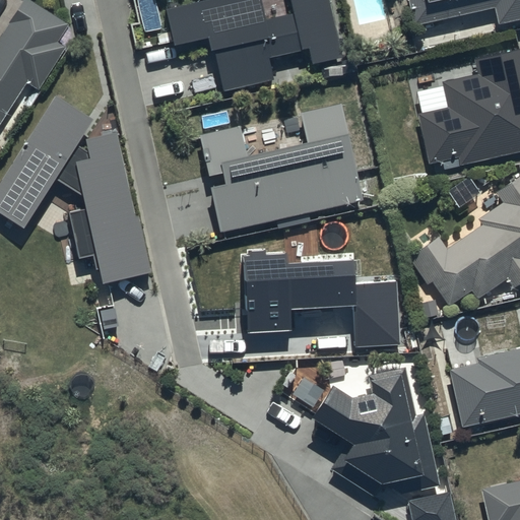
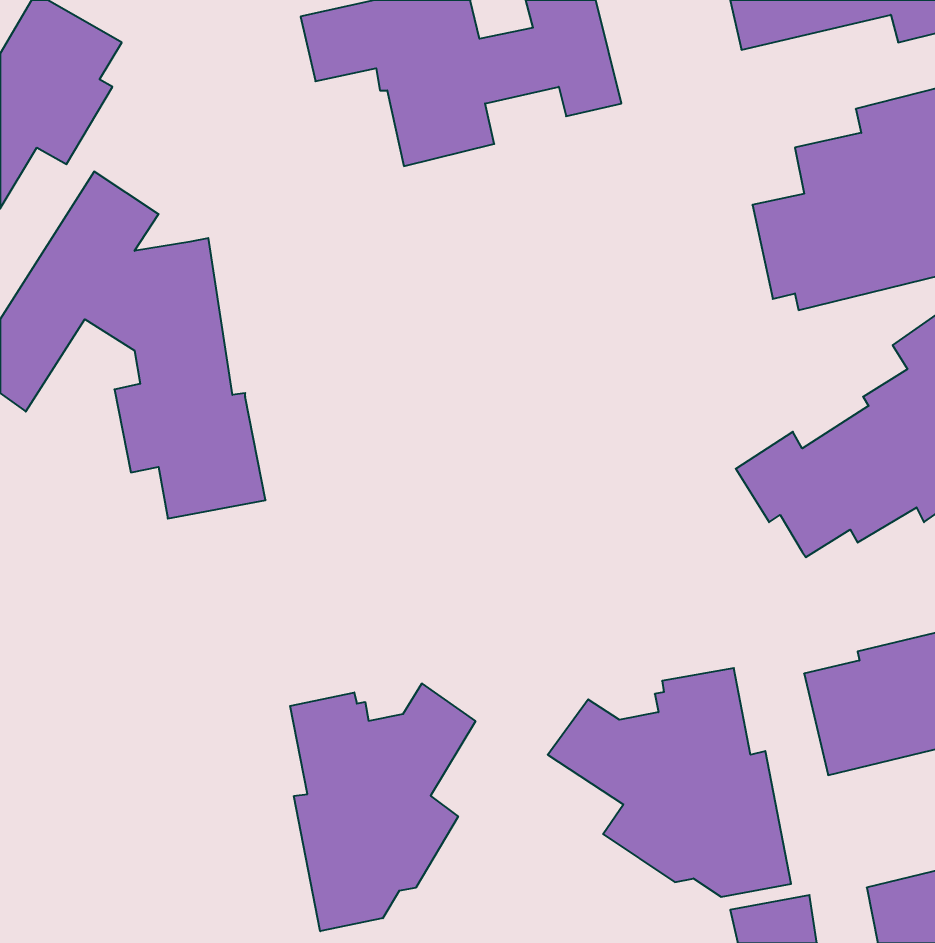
building: [197,104,364,232] -> none
building: [247,253,403,345] -> none
building: none -> [290,683,475,931]

